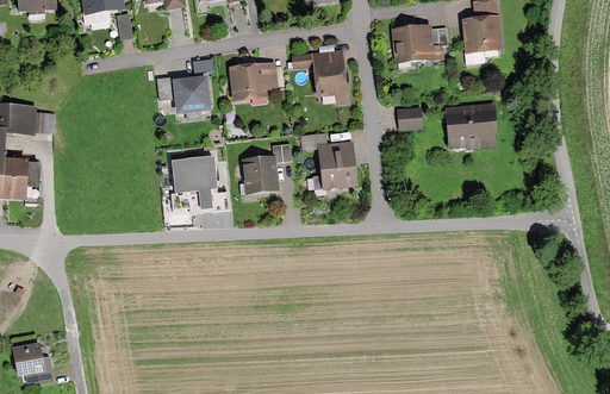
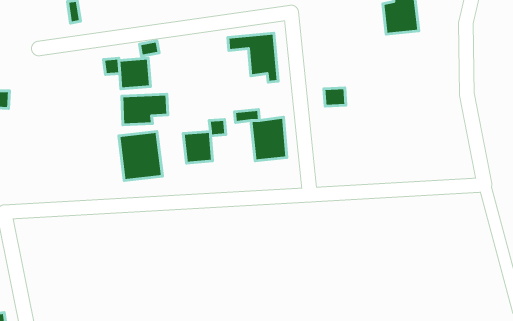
building: [392,26,447,63] -> none
building: [231,64,281,98] -> [122,94,168,125]
building: [446,105,496,148] -> none

